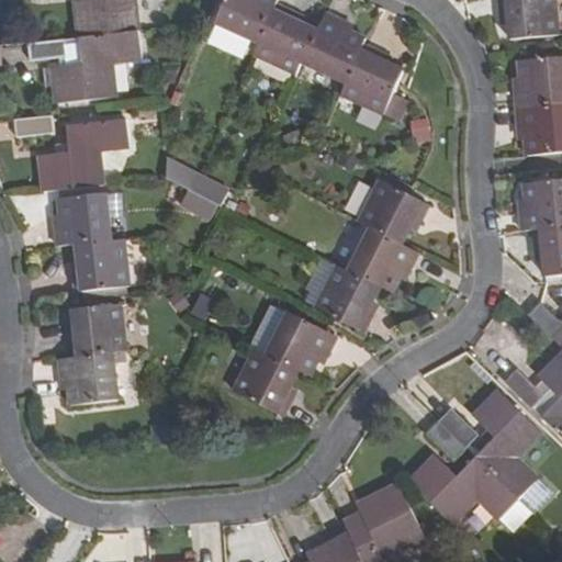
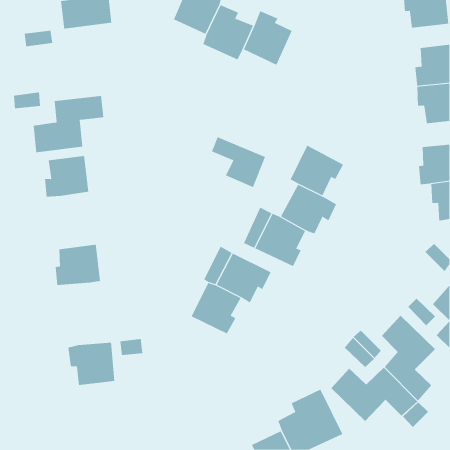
building: [54,29,143,101] -> none
building: [339,43,406,117] -> none
building: [162,155,231,218] -> [211,136,266,188]
building: [74,237,130,299] -> none
building: [57,351,116,405] -> [67,342,115,385]

